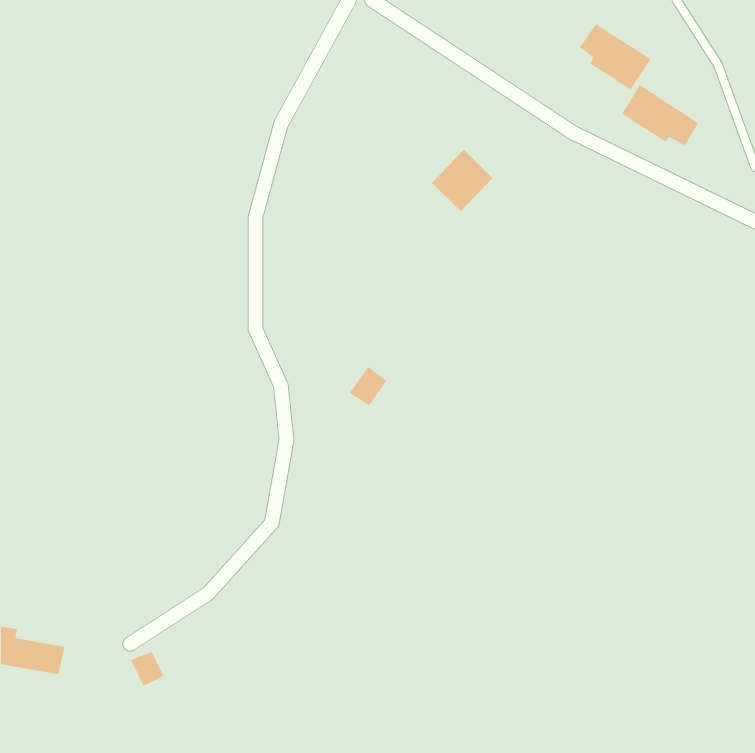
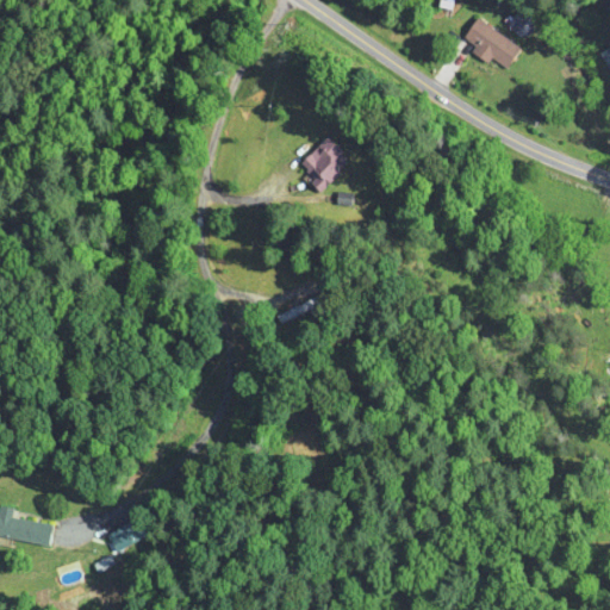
building: [621,84,699,146] -> none
building: [431,149,493,212] -> [295,137,346,188]

